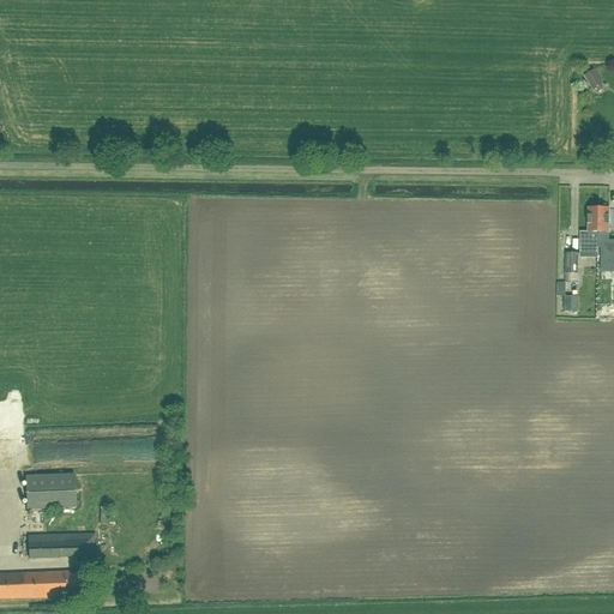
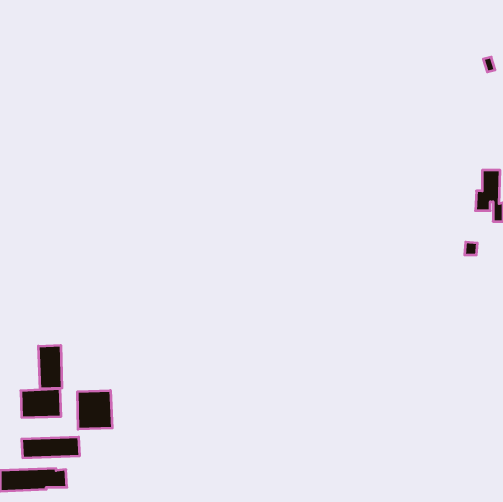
building: none -> [38,345,62,389]
building: none -> [78,390,112,429]

